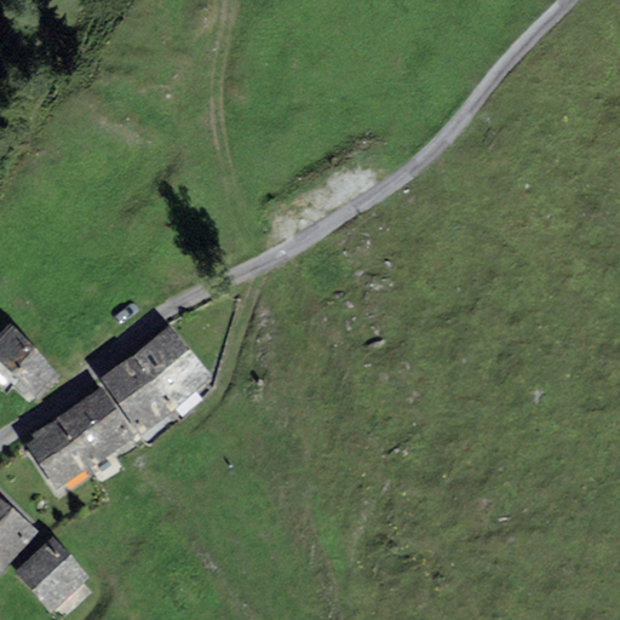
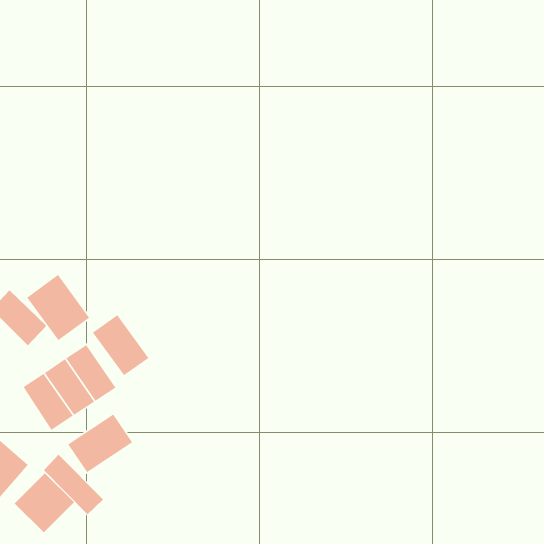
building: [133,329,206,406] -> [26,274,90,341]
building: none -> [67,414,133,473]
building: none -> [43,454,104,515]

